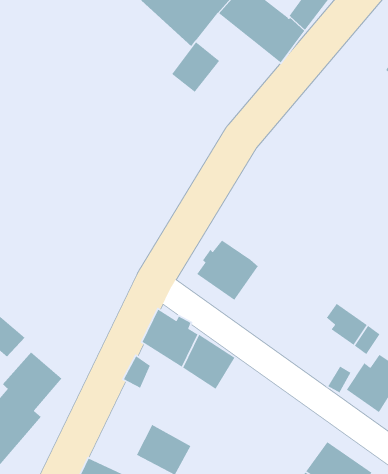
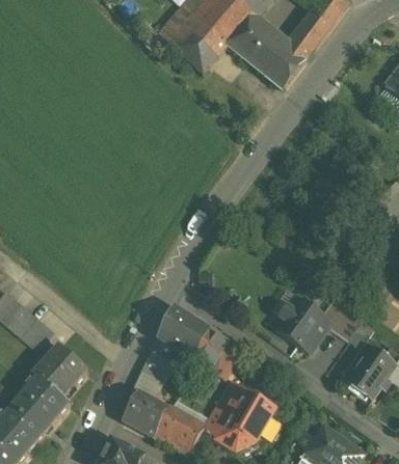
building: [171,41,220,93] -> none
building: [196,239,259,301] -> [274,297,330,352]
building: none -> [216,379,274,449]
building: none -> [122,391,167,437]

